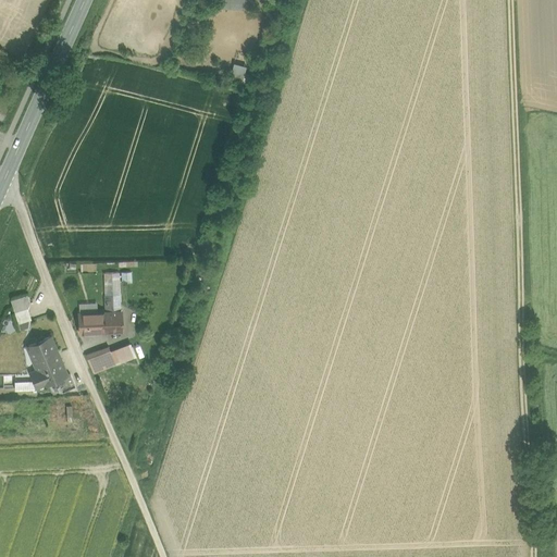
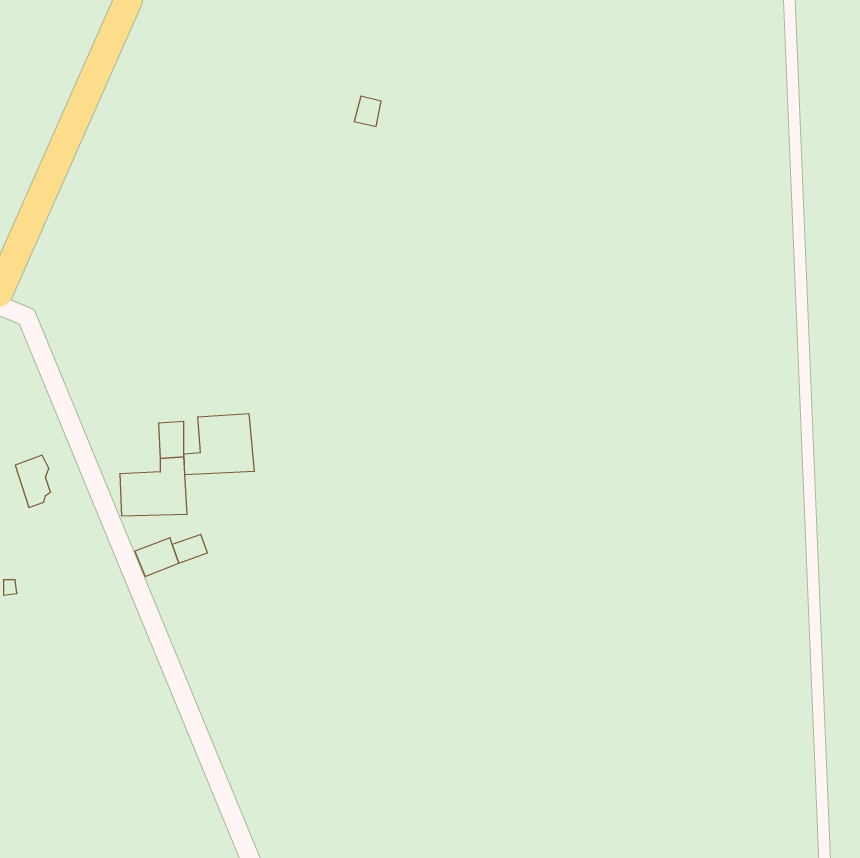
building: none -> [184,414,254,475]
building: [28,334,71,387] -> none

